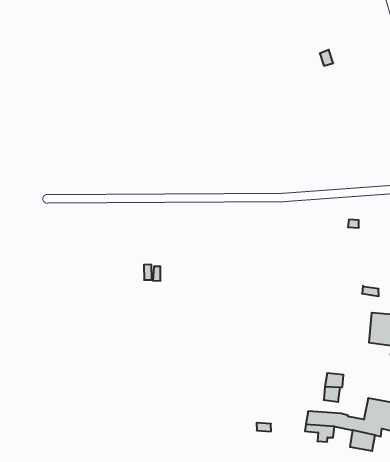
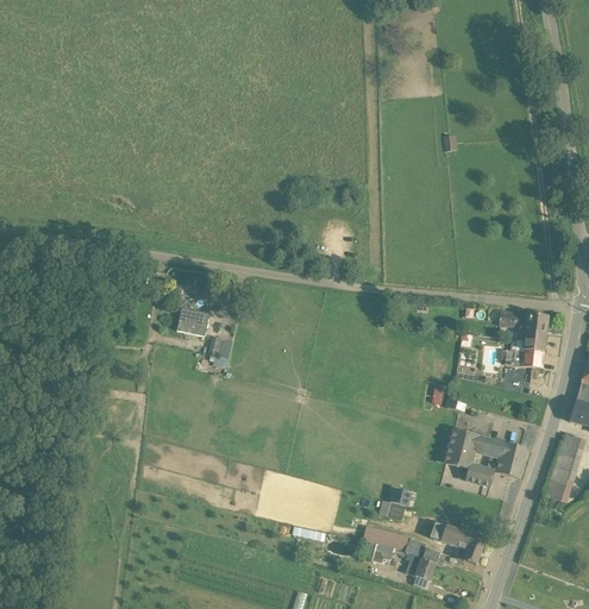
building: none -> [176,306,209,334]

